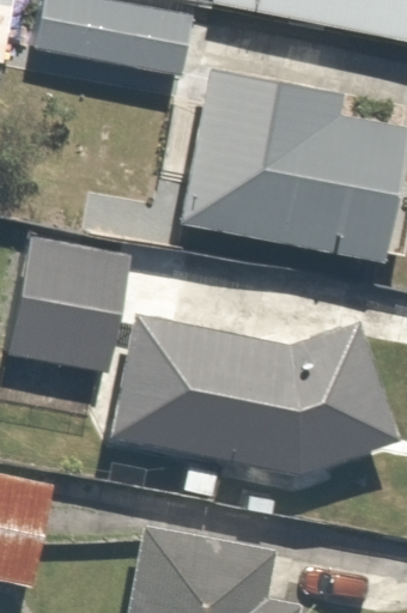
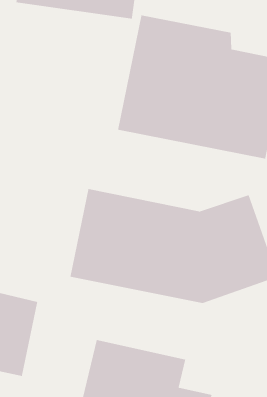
building: [11,224,138,371] -> none

